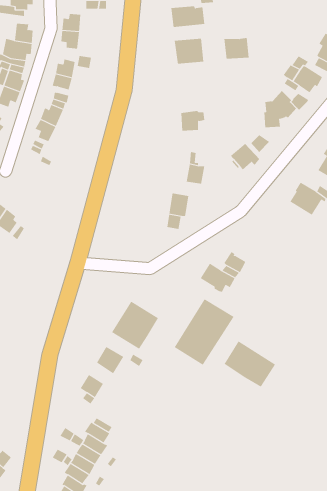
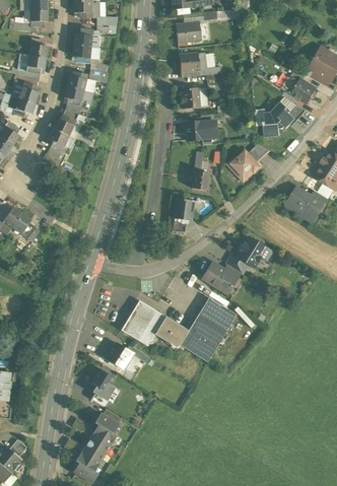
building: [224,37,249,59] -> [183,87,207,108]
building: none -> [238,237,272,267]
building: none -> [155,316,188,347]
building: [224,341,276,388] -> none

